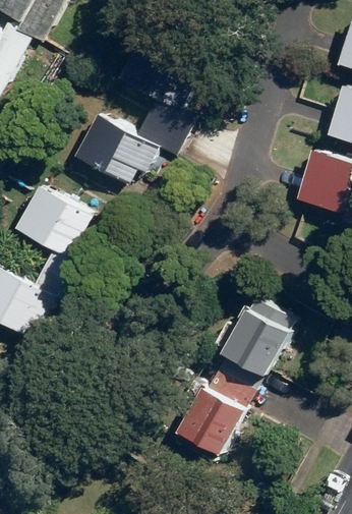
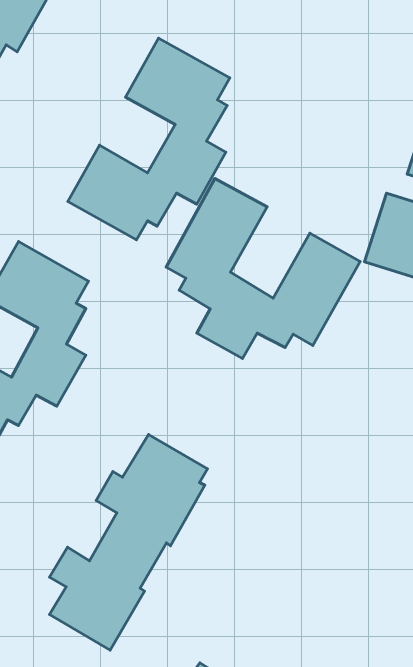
building: none -> [166,178,360,358]
building: [174,294,291,454] -> [50,434,208,650]

